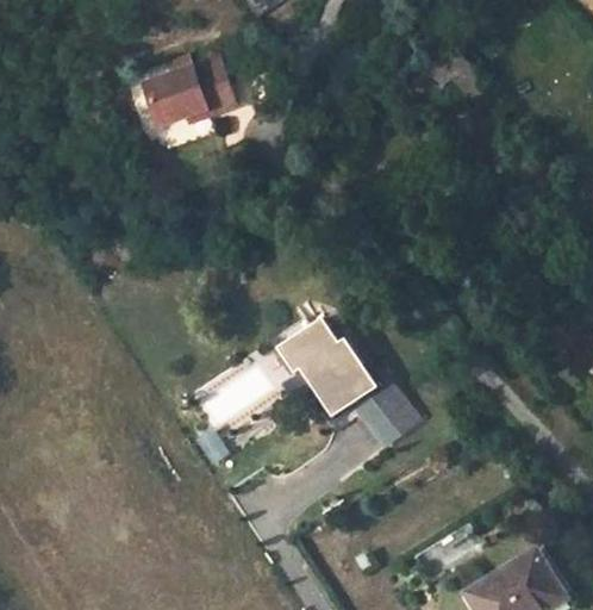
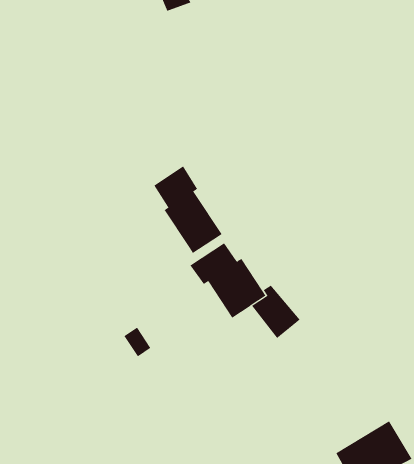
building: [151,61,232,124] -> none
building: none -> [154,166,223,254]

